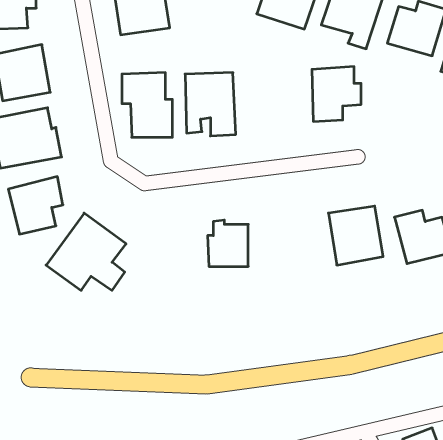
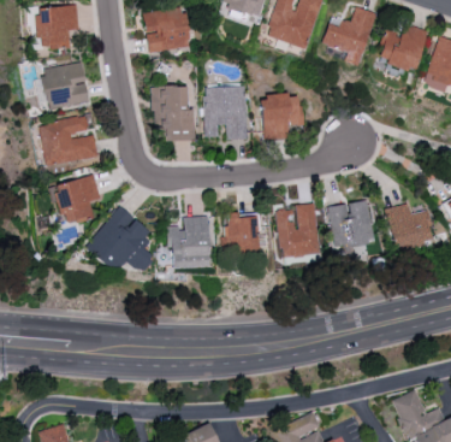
building: [312,67,361,121] -> [262,93,304,140]
building: none -> [275,204,319,257]
building: none -> [170,217,209,269]

